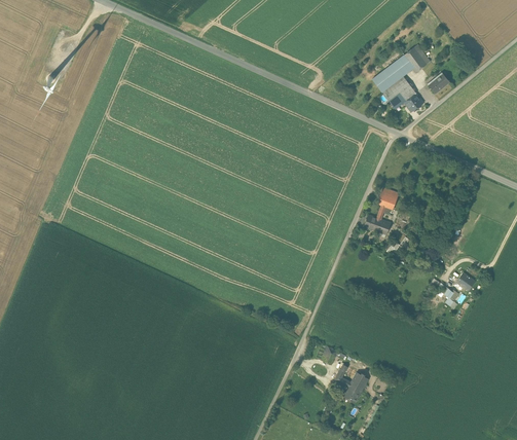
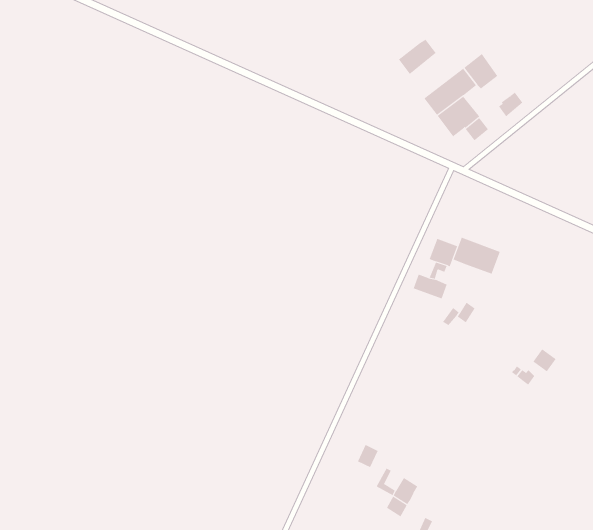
building: none -> [398,39,436,75]
building: none -> [453,237,501,275]

